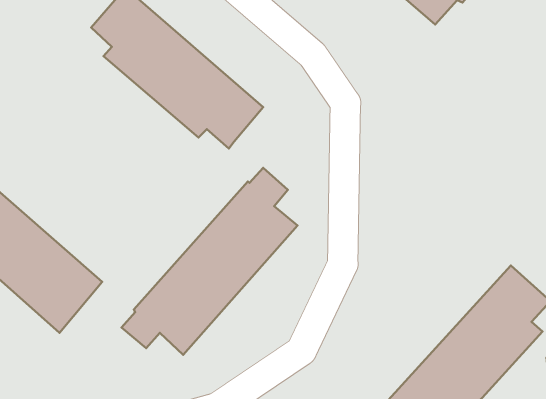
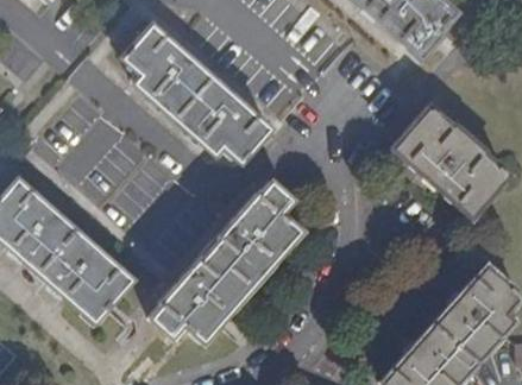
building: none -> [391,105,509,216]

